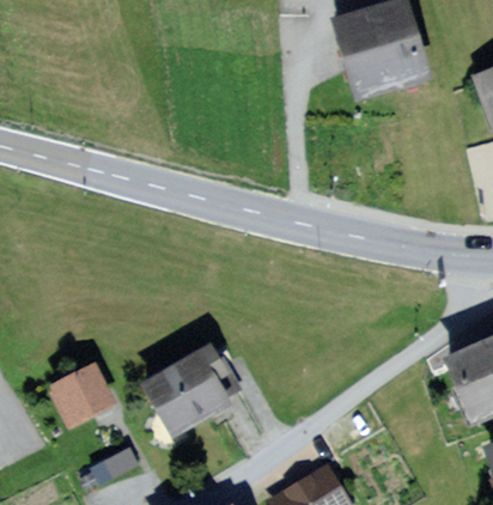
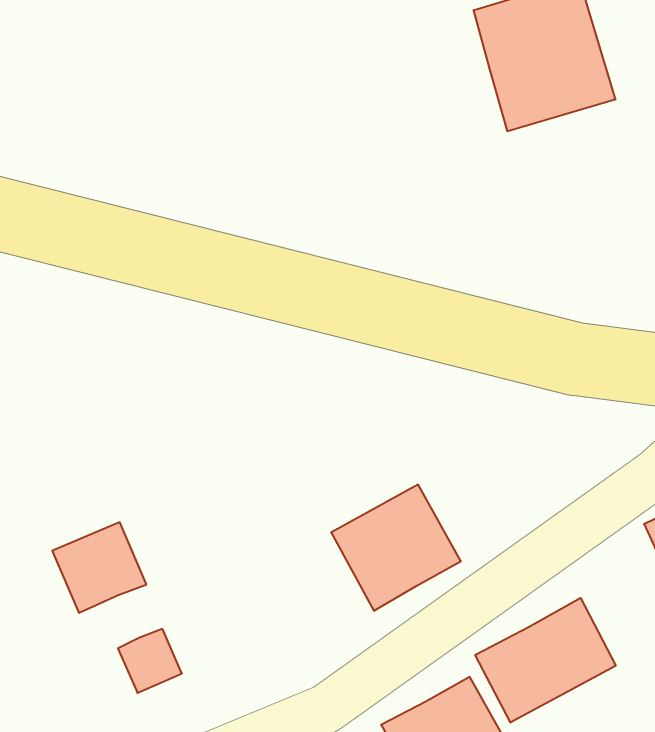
building: [141,347,229,432] -> [331,485,461,611]
building: none -> [475,598,616,723]

